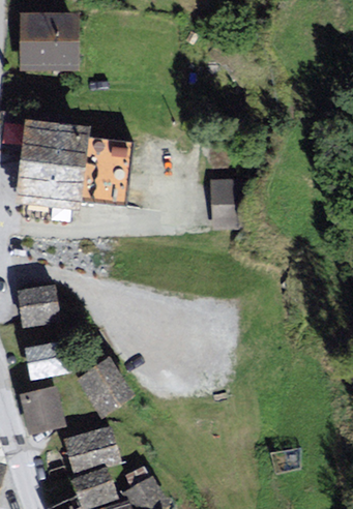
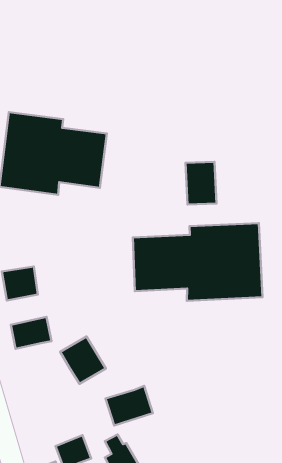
building: [24,13,75,63] -> none
building: none -> [133,223,262,301]
building: [23,387,62,428] -> none
building: [66,425,117,468] -> [105,386,153,426]

